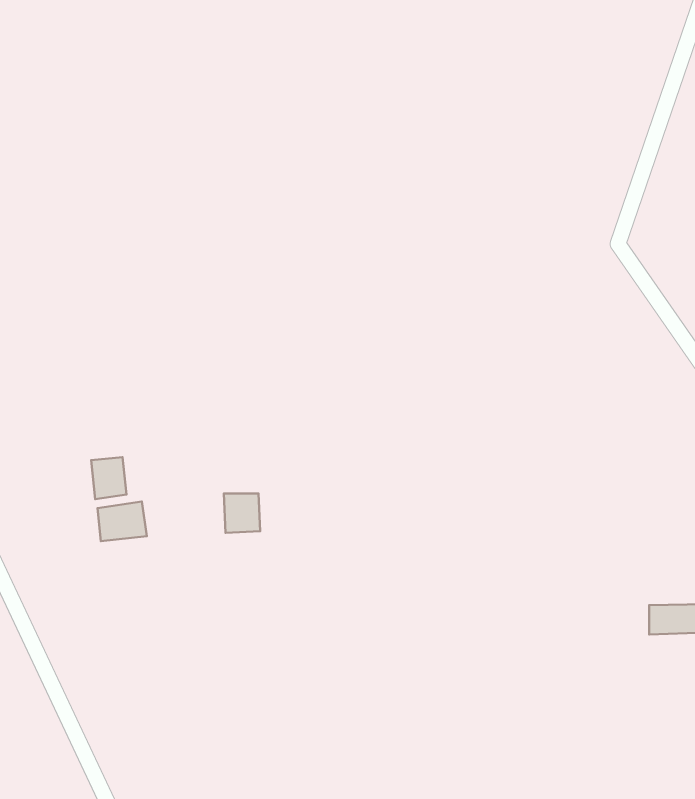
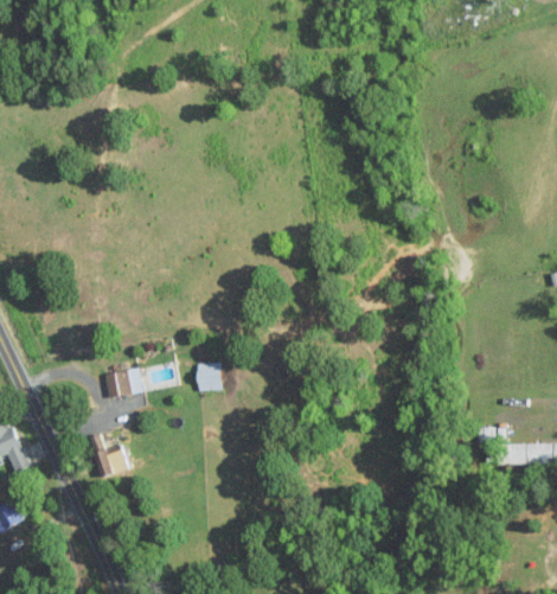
building: [91,457,127,499] -> none
building: none -> [91,448,129,478]

